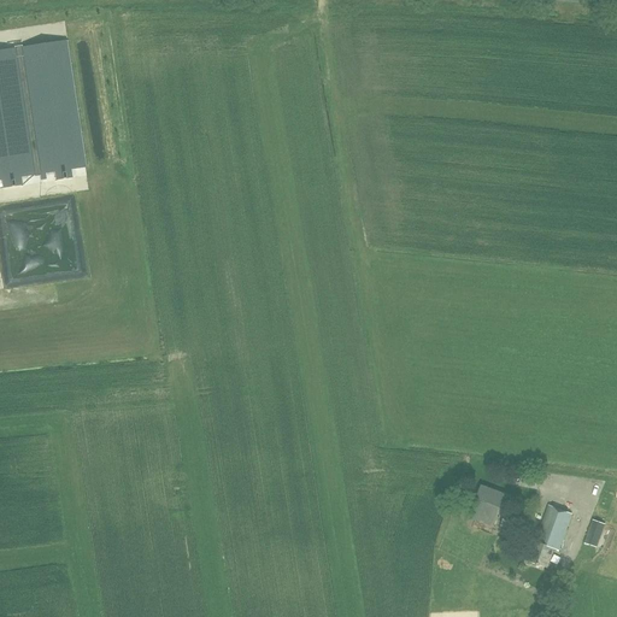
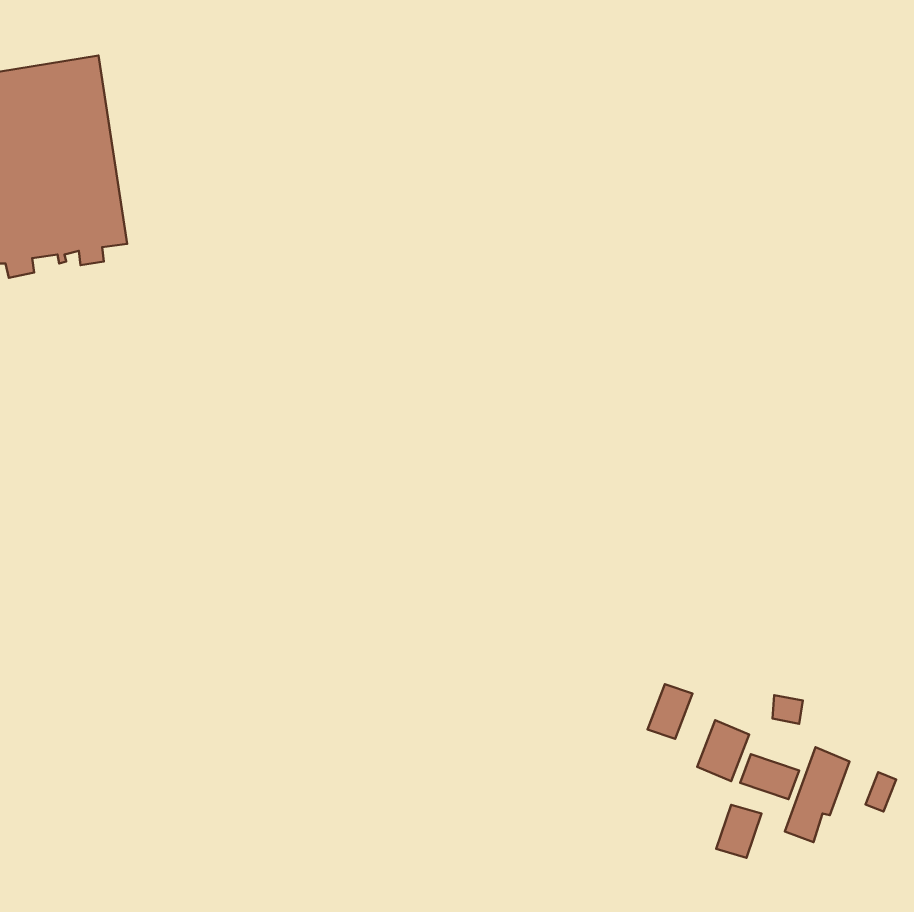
building: none -> [647,684,693,739]
building: none -> [716,805,761,858]

